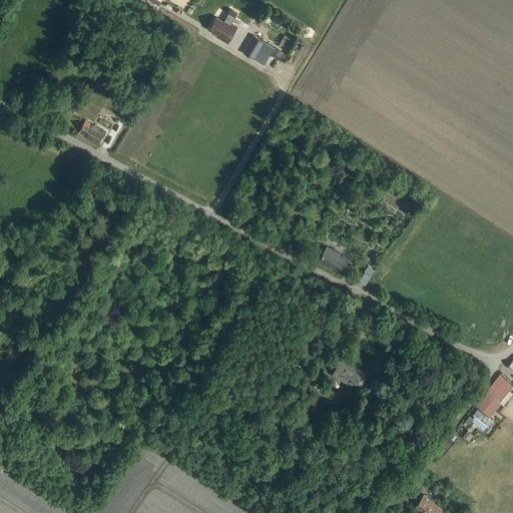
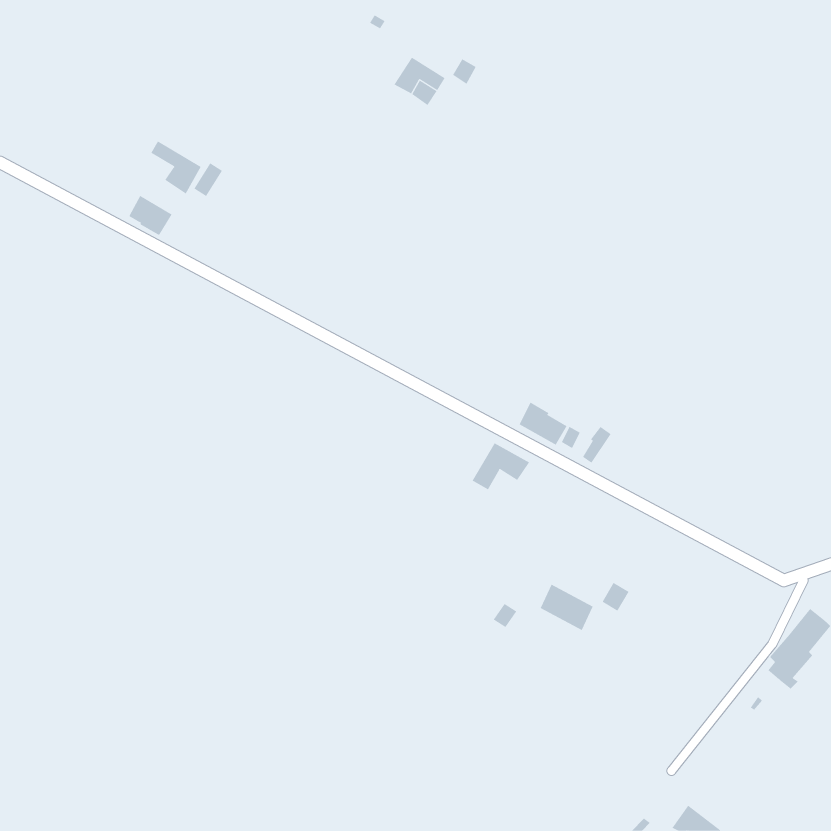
building: [209,17,236,43] -> none
building: none -> [150,140,202,195]
building: none -> [472,442,530,490]

